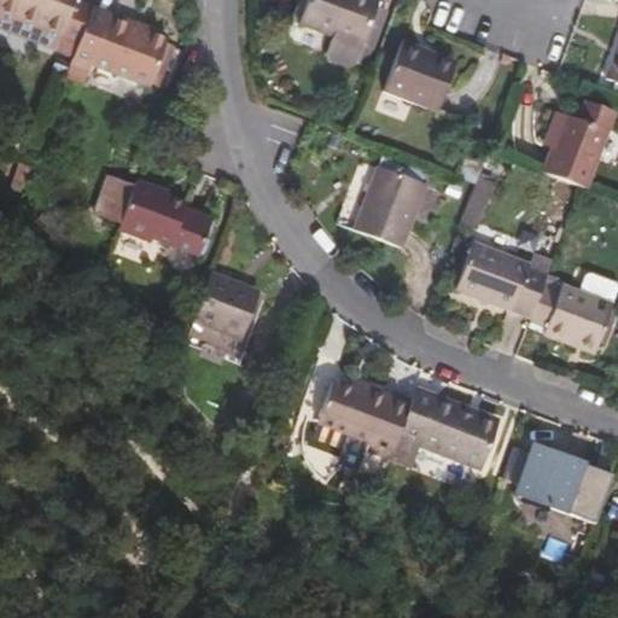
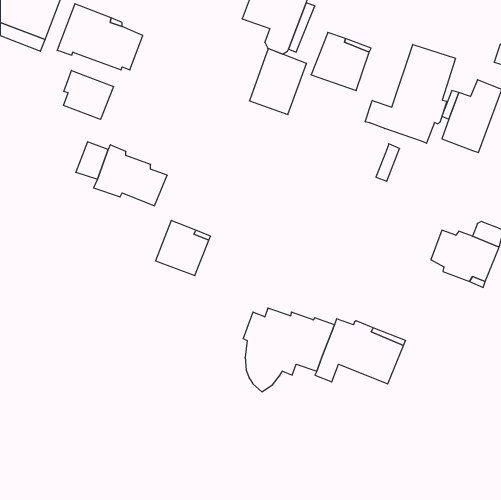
building: none -> [365,44,455,143]
building: none -> [63,70,114,119]
building: [356,165,426,246] -> [249,49,307,115]
building: [457,241,549,317] -> none
building: [514,443,612,525] -> none

